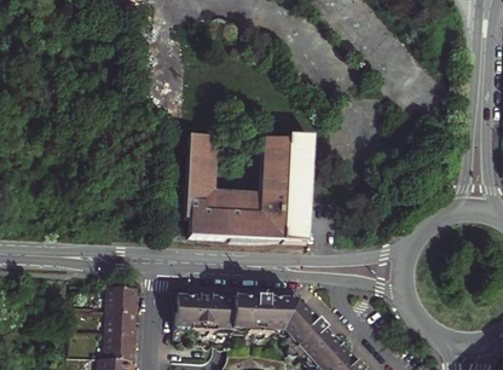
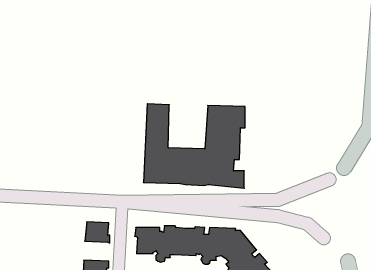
building: [296,166,316,220] -> none
building: [108,308,140,334] -> none

